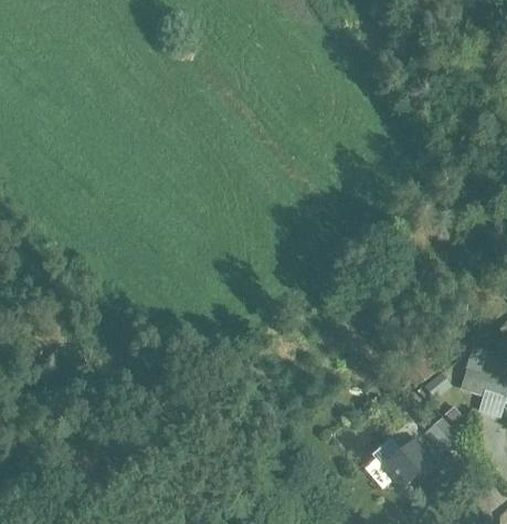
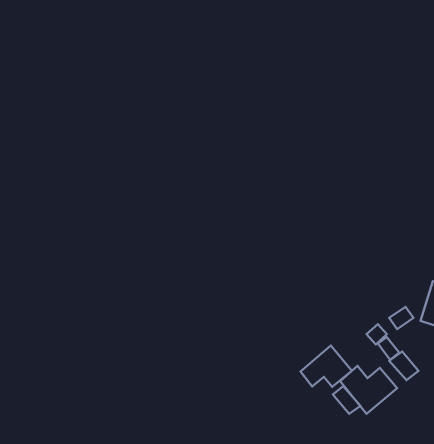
building: none -> [300,346,352,387]

